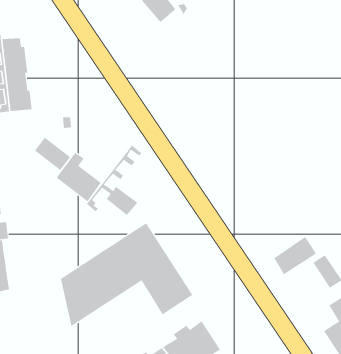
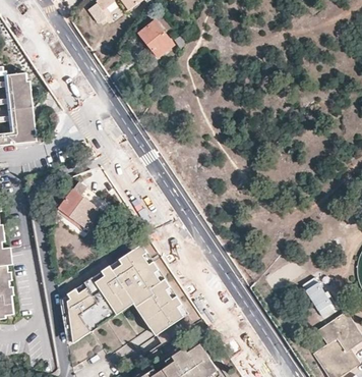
building: [34,137,71,171] -> none
building: [86,145,142,216] -> none
building: [273,236,317,275] -> none

